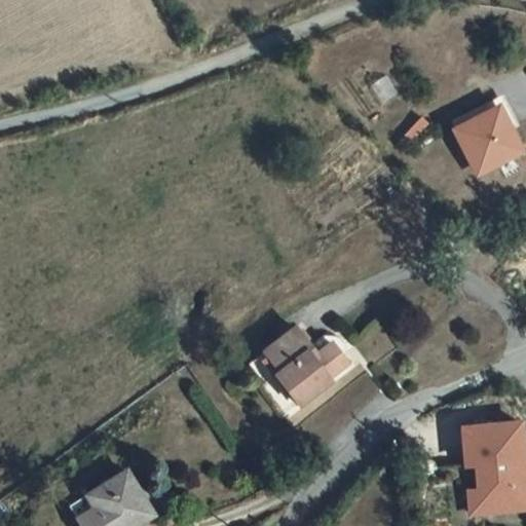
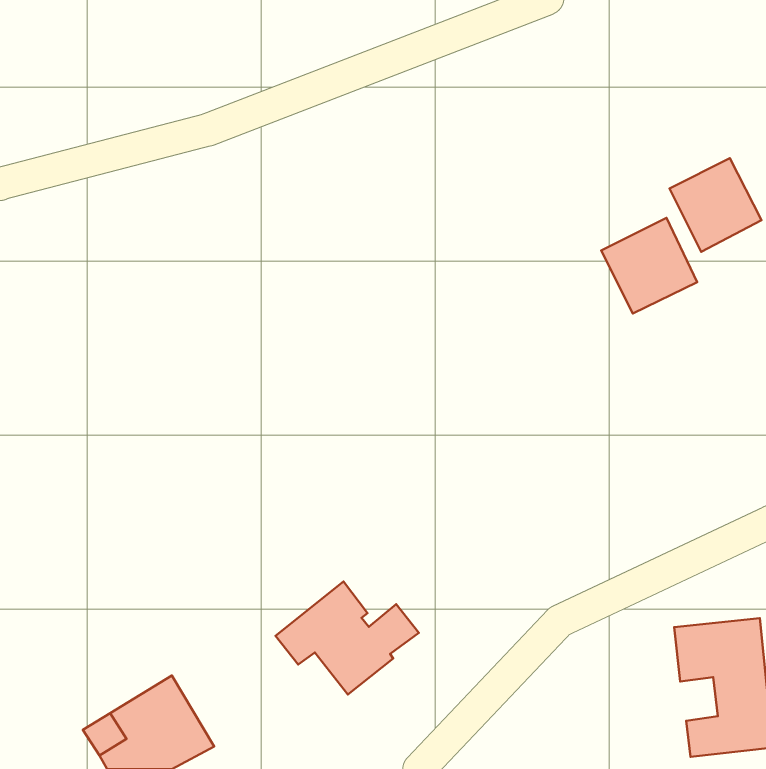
building: none -> [601,218,697,314]
building: [254,329,351,406] -> [275,582,419,695]

